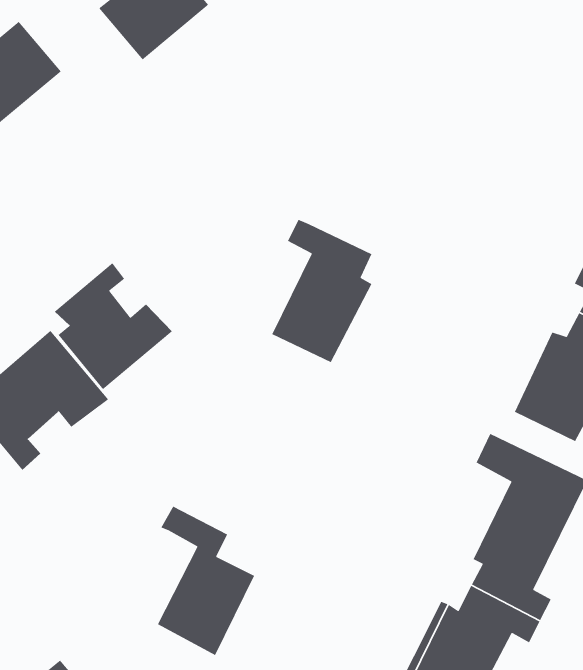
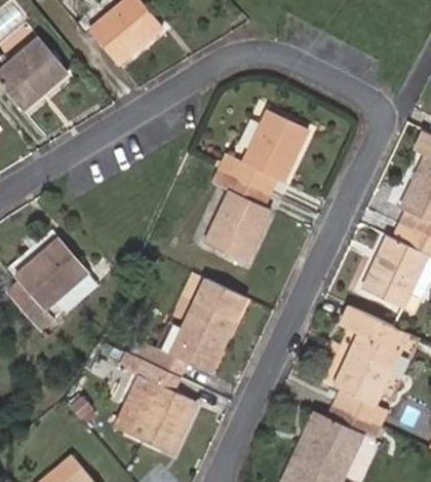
building: none -> [228,111,307,190]
building: [54,262,173,390] -> none
building: none -> [140,275,245,372]
building: none -> [112,370,155,431]

